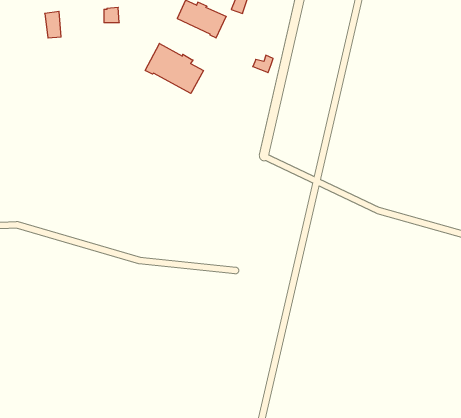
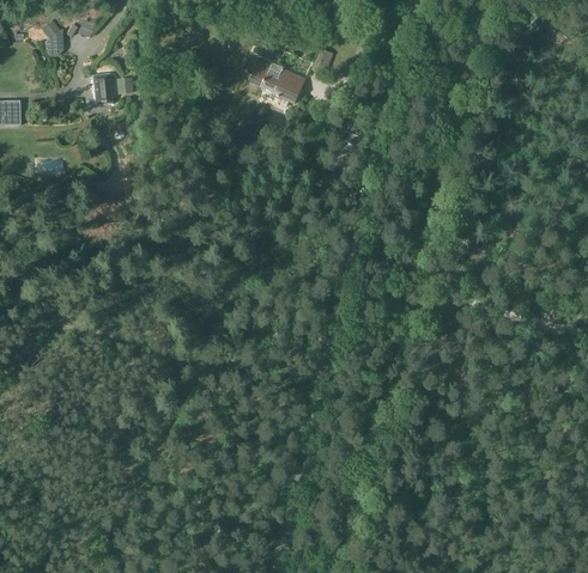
building: [145,43,203,93] -> none

